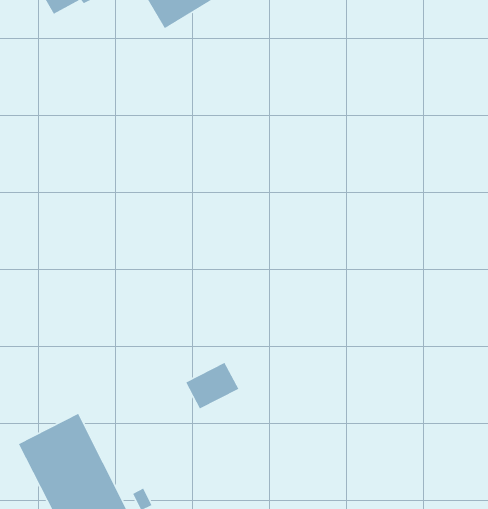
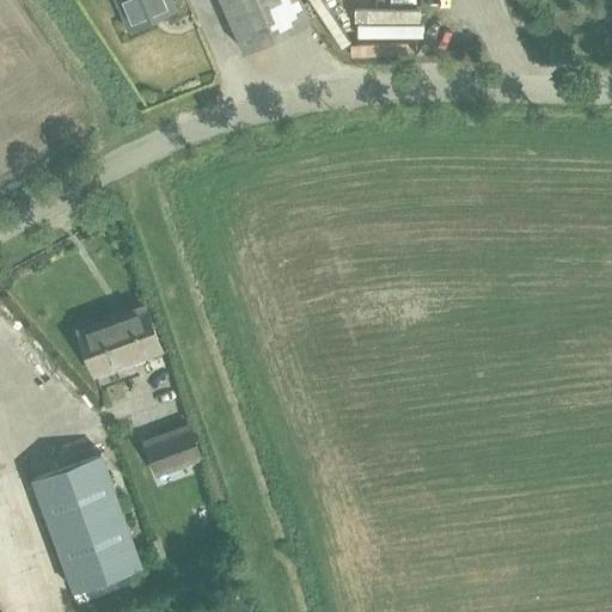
building: none -> [78,308,160,375]
building: [185,362,239,410] -> [143,428,201,476]

